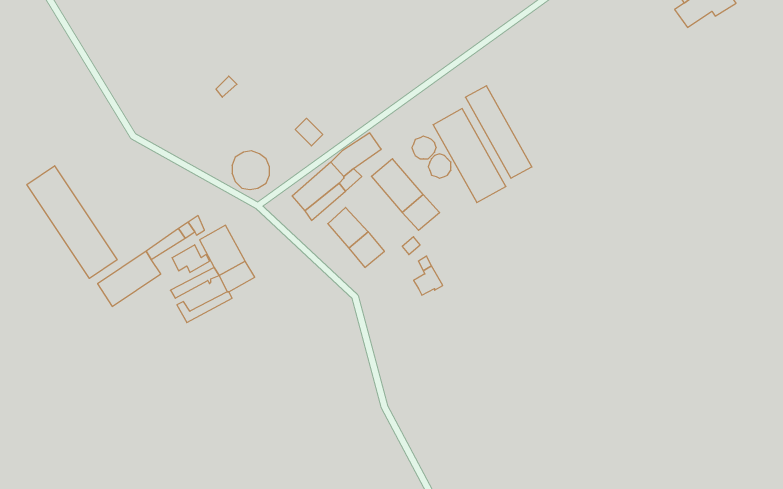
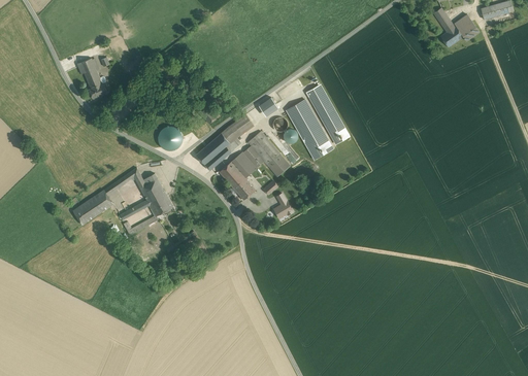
building: none -> [77,58,107,98]
building: [27,166,117,278] -> none
building: none -> [231,146,263,178]

